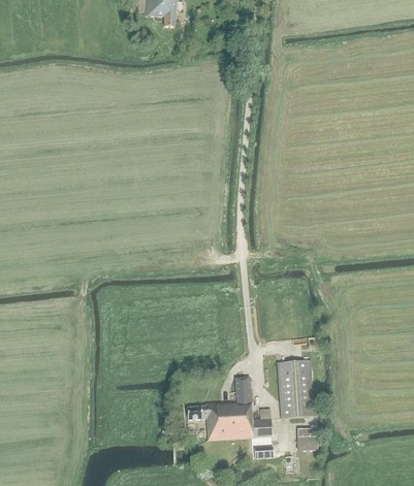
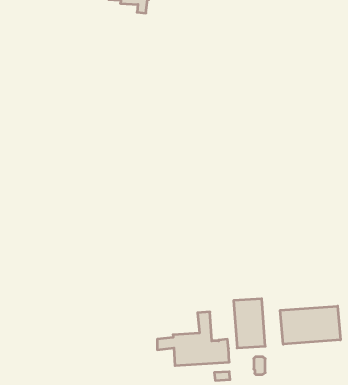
building: none -> [280,306,340,344]

